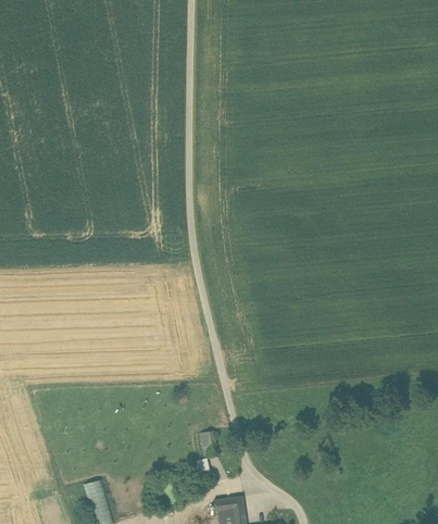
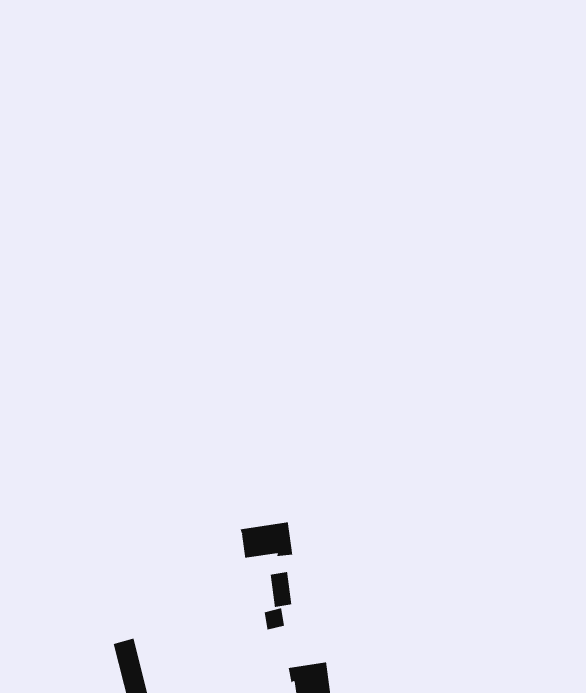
building: none -> [240,521,293,559]

